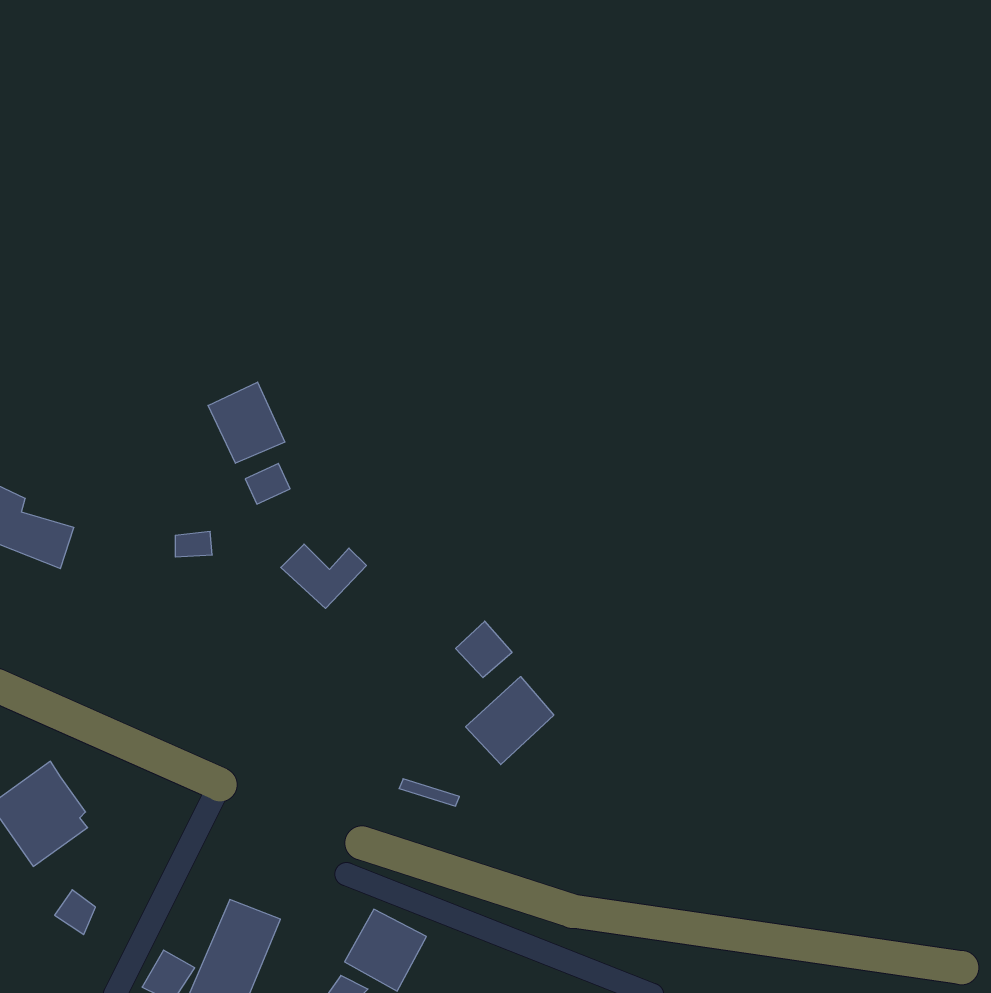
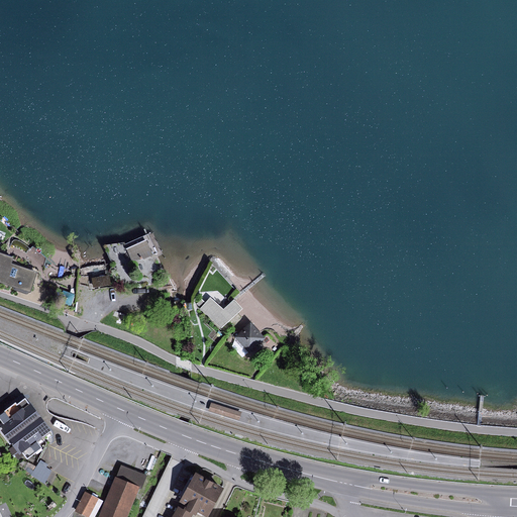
building: [208,382,285,463] -> none
building: [281,544,366,608] -> [198,296,242,329]
building: [466,677,554,765] -> none

